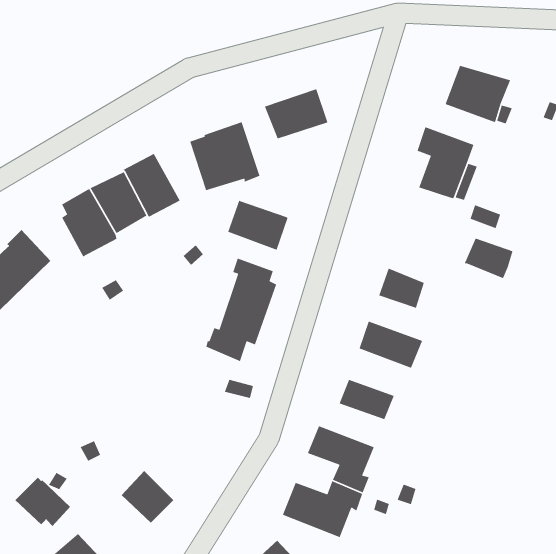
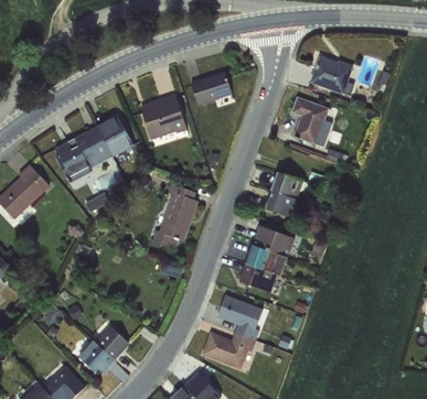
building: [227,199,289,251] -> none
building: [464,238,513,279] -> [270,172,303,199]
building: none -> [246,244,288,276]
building: [14,477,71,527] -> [77,339,115,373]

